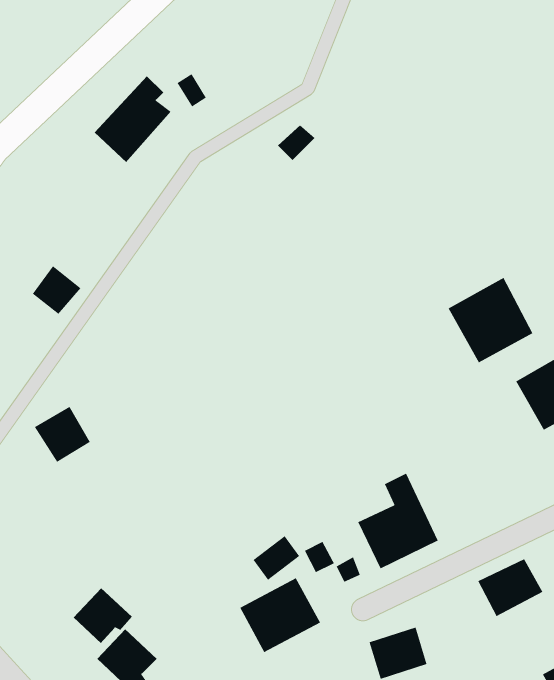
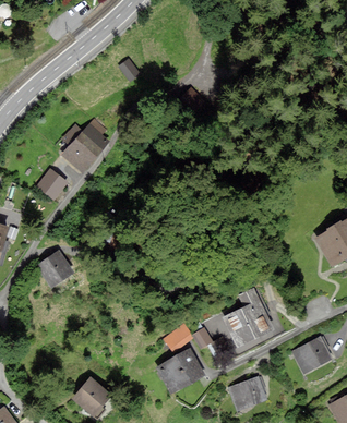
building: [94,75,172,163] -> [63,120,108,170]
building: [448,277,534,363] -> none
building: [73,587,133,644] -> none

